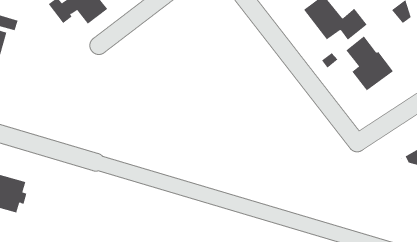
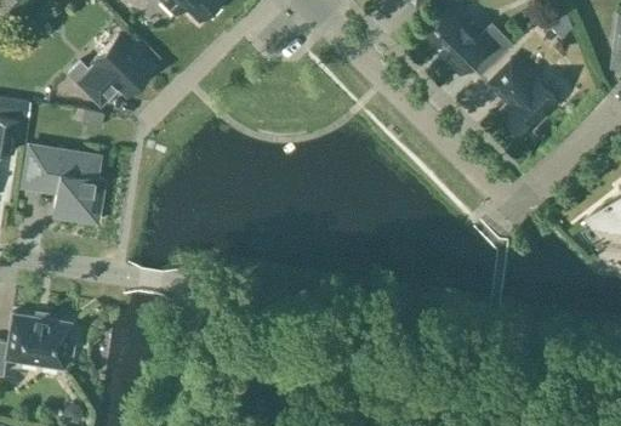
building: none -> [24,148,103,221]

